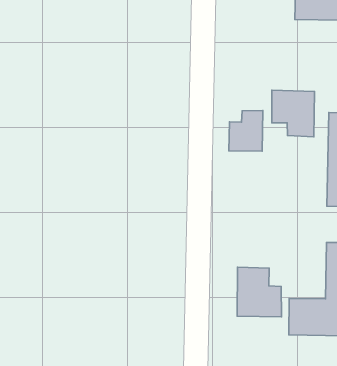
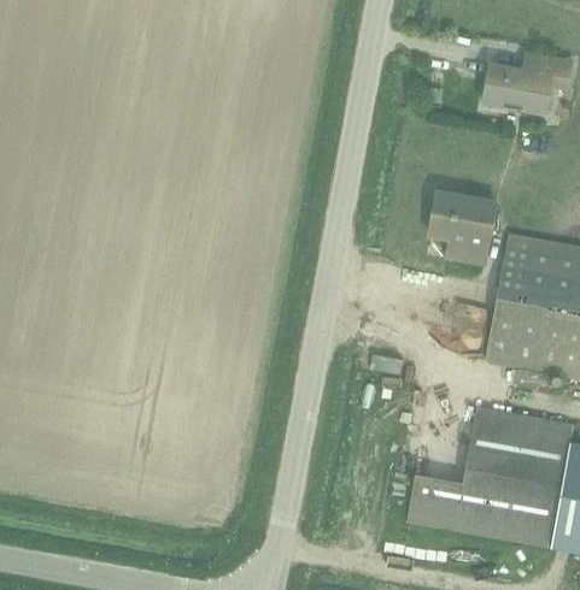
building: [229,110,263,151] -> none
building: [237,267,281,317] -> none

